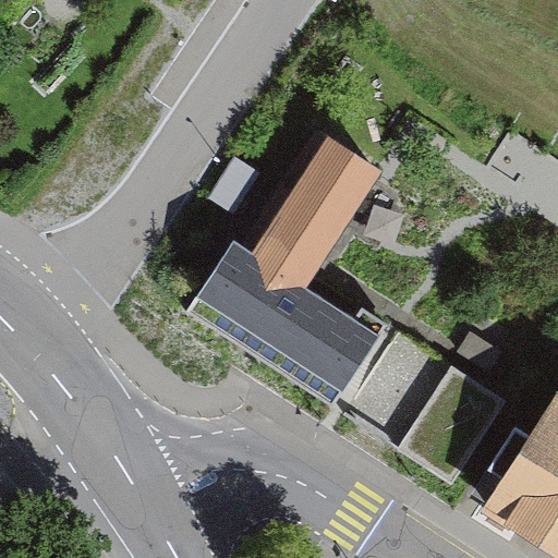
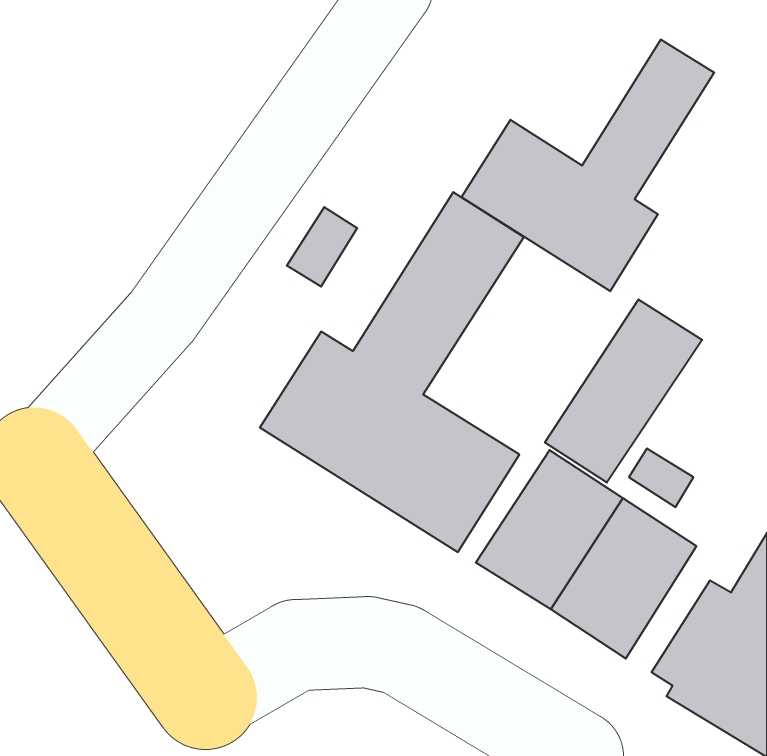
building: none -> [462,39,714,291]
building: none -> [545,299,702,483]

